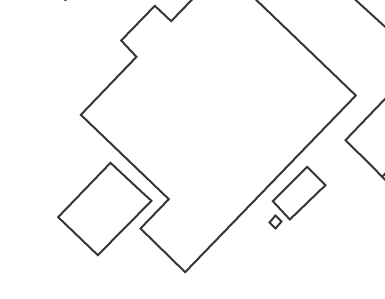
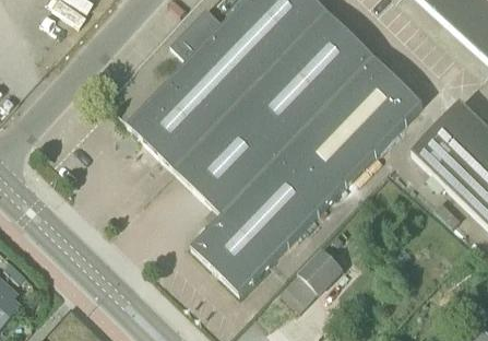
building: [58,163,152,255] -> none
building: [273,167,326,220] -> [287,248,344,305]

